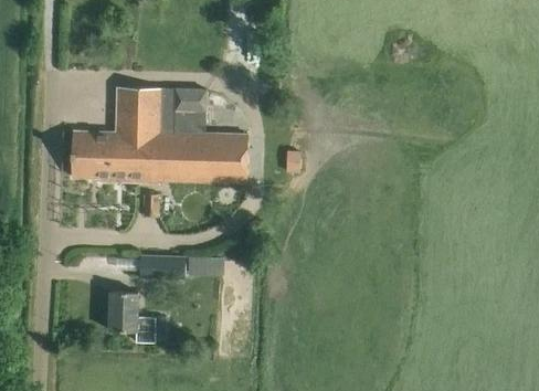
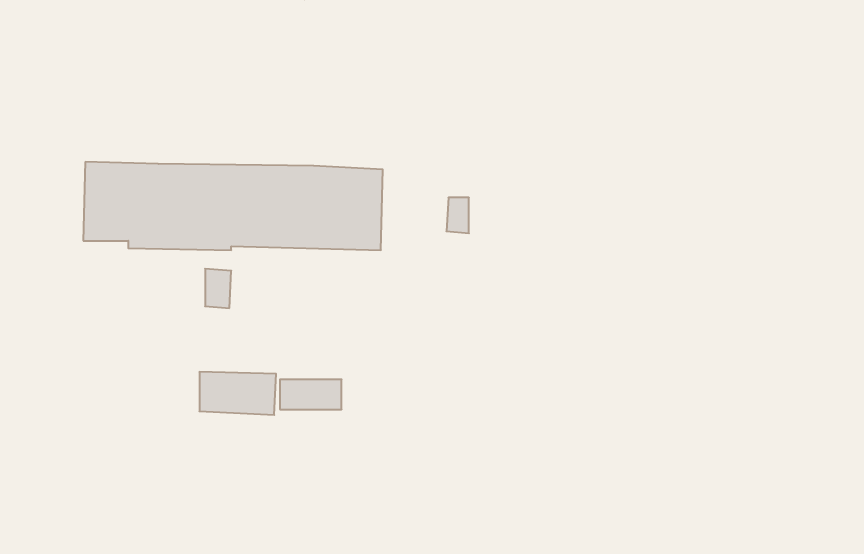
building: [115,87,207,133] -> none
building: [104,290,155,341] -> none

